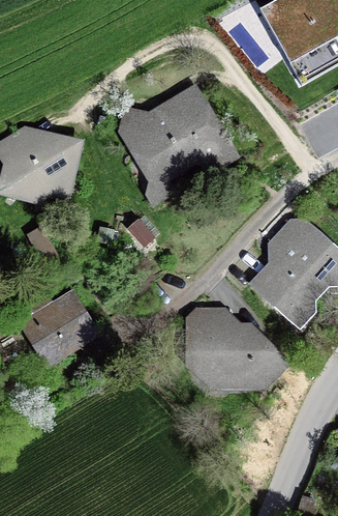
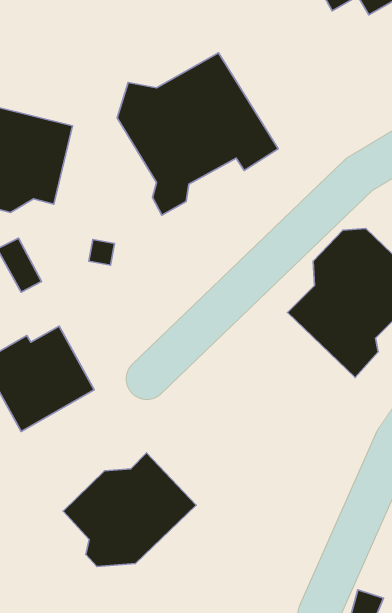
building: [185,306,294,403] -> none
building: none -> [63,453,196,566]

